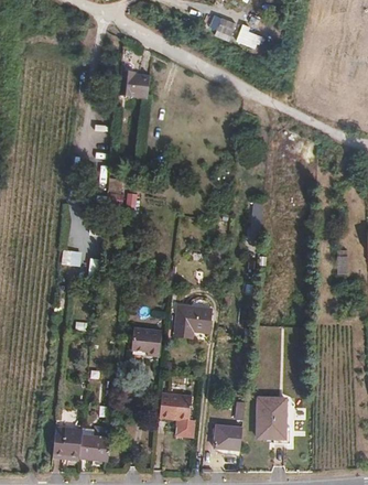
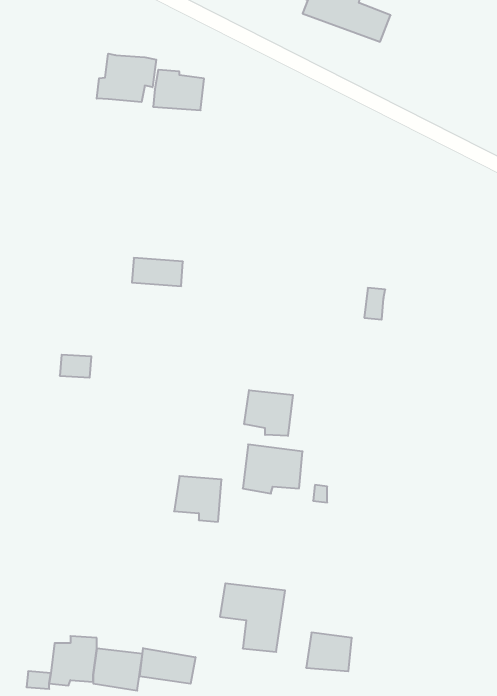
building: none -> [97,54,156,102]
building: none -> [244,390,293,436]
building: [256,405,290,443] -> none
building: none -> [140,648,195,684]

